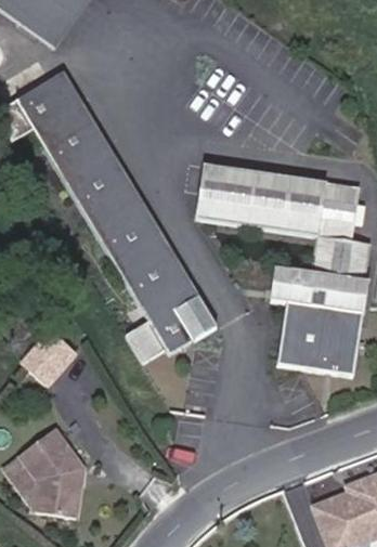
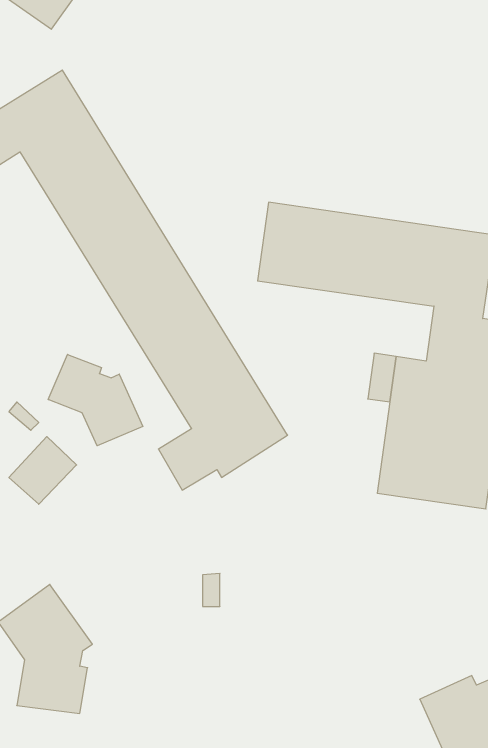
building: none -> [48,354,143,446]

